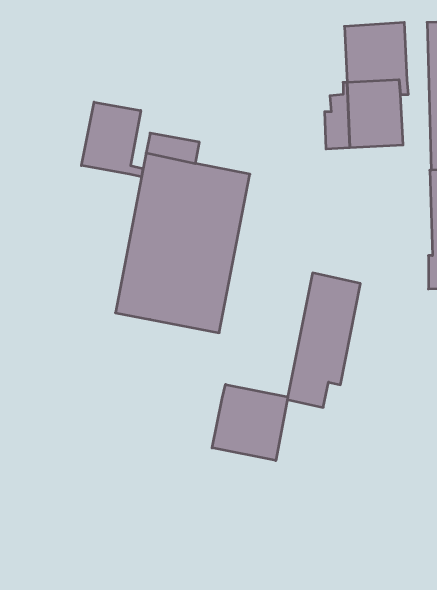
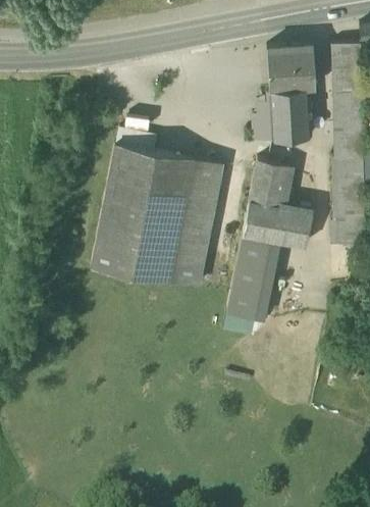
building: [81,102,143,177] -> none
building: none -> [243,159,313,249]
building: none -> [171,160,223,287]
building: [212,384,288,461] -> none

